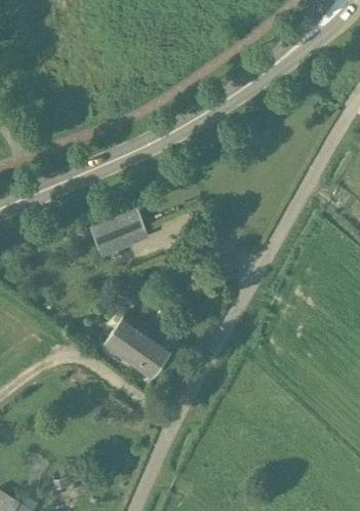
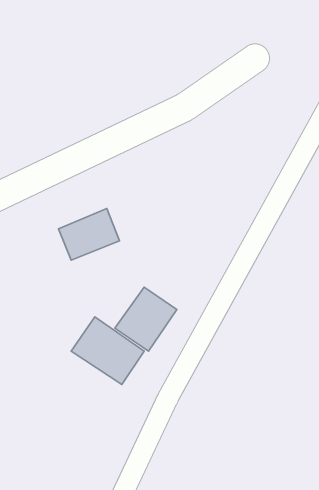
building: none -> [115,287,177,351]

